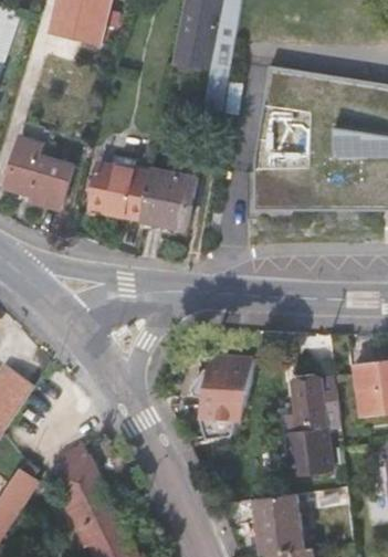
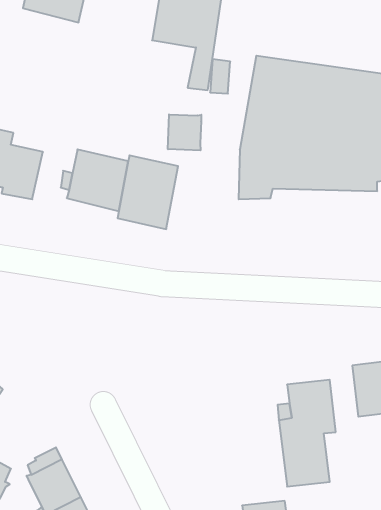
building: none -> [168,114,201,150]
building: [191,353,254,439] -> none

